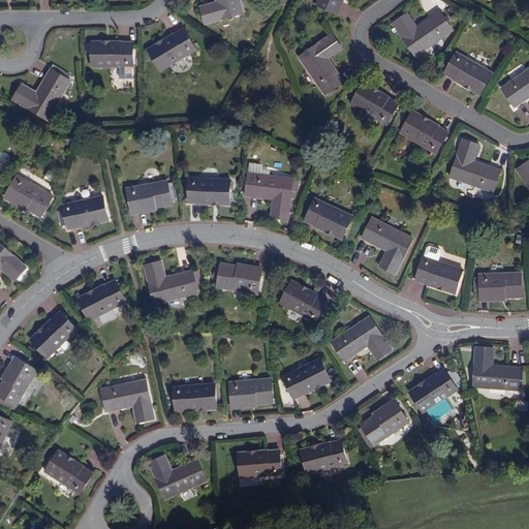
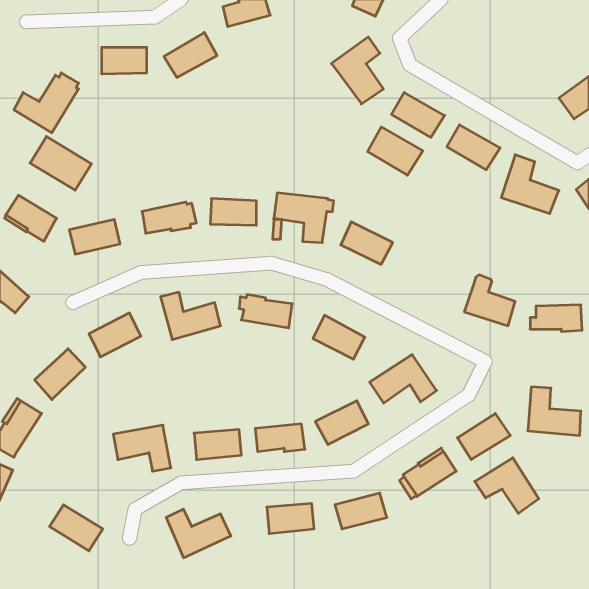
building: [392,11,452,56] -> none
building: [444,53,491,92] -> none
building: none -> [368,127,423,175]
building: none -> [30,136,91,190]
building: [361,217,412,273] -> none
building: none -> [475,458,539,513]

